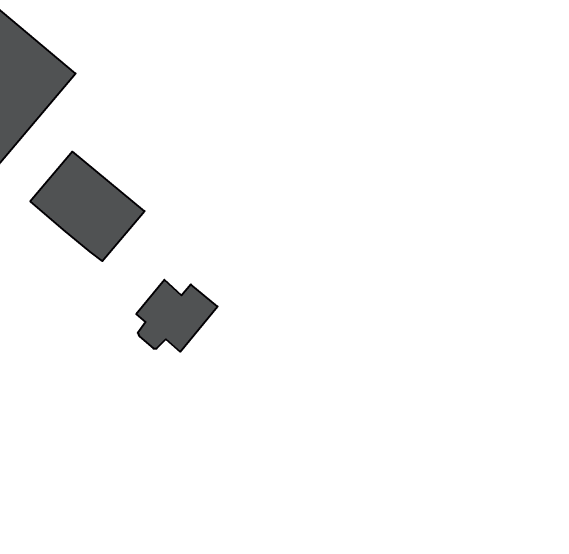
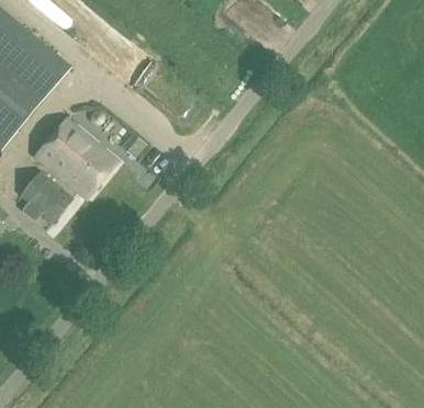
building: [136,280,218,352] -> [19,172,76,223]

